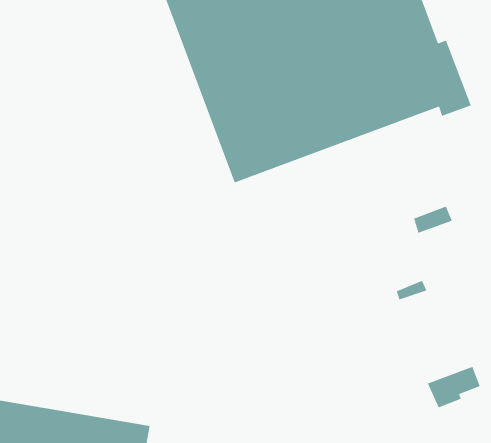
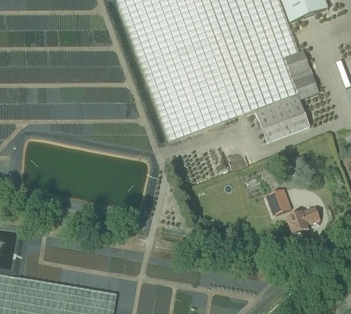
building: none -> [255,95,309,142]
building: [427,366,481,409] -> [286,207,320,234]

